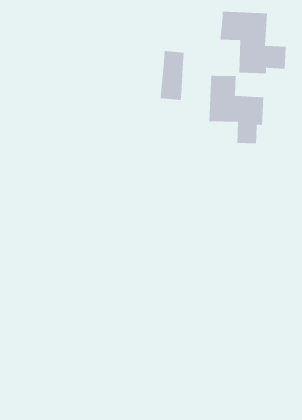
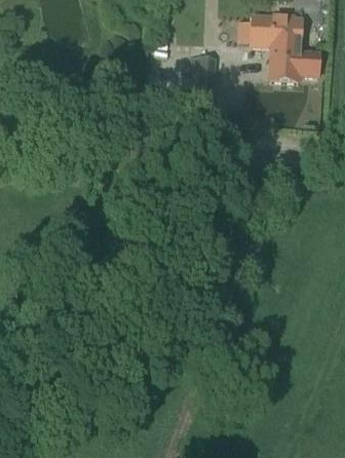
building: [209,75,264,144] -> none

